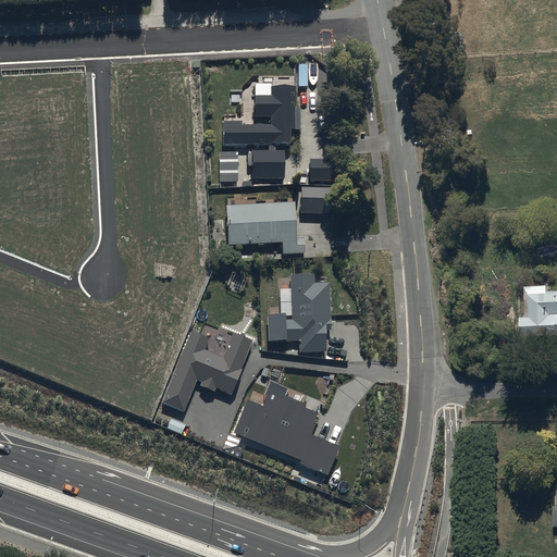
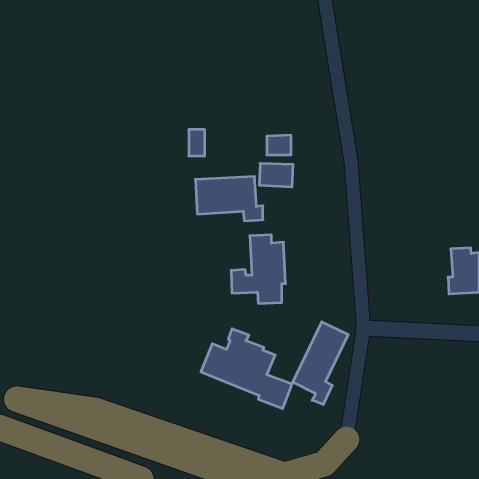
building: [223,83,294,178] -> none
building: [160,329,252,411] -> none
building: none -> [293,322,348,405]

